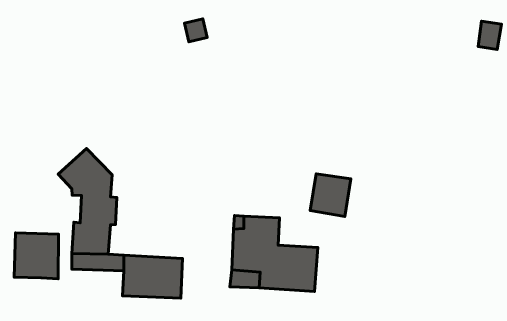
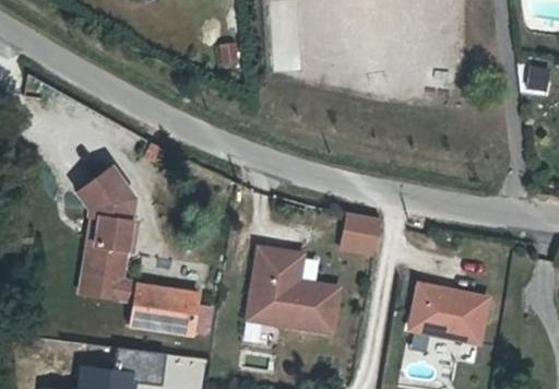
building: [14,233,58,279] -> none
building: none -> [406,282,490,344]

